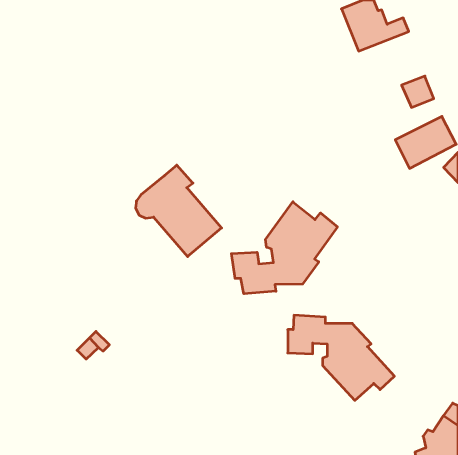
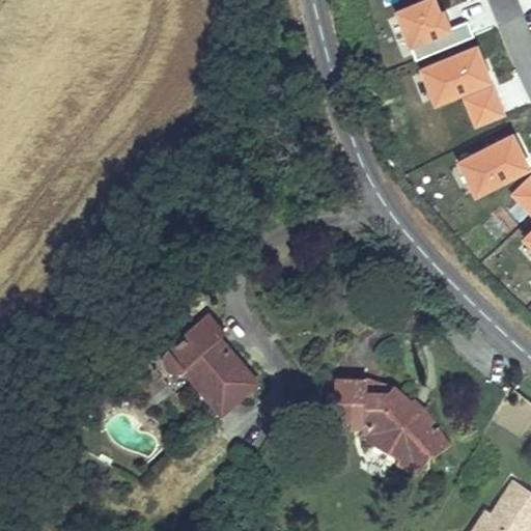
building: none -> [420,50,490,106]
building: [136,165,222,257] -> [161,312,260,418]
building: [231,202,337,294] -> none

